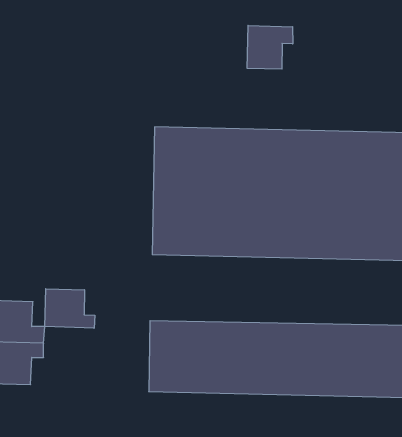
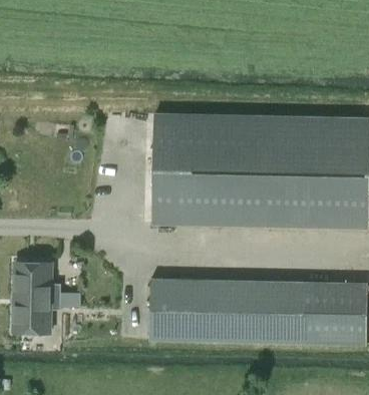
building: [247,25,293,69] -> none
building: [45,289,95,328] -> none

